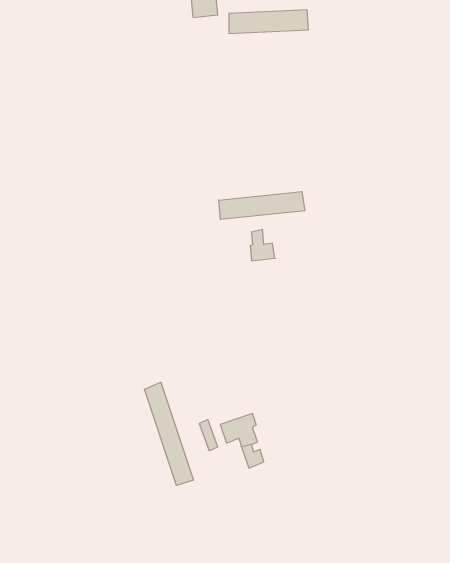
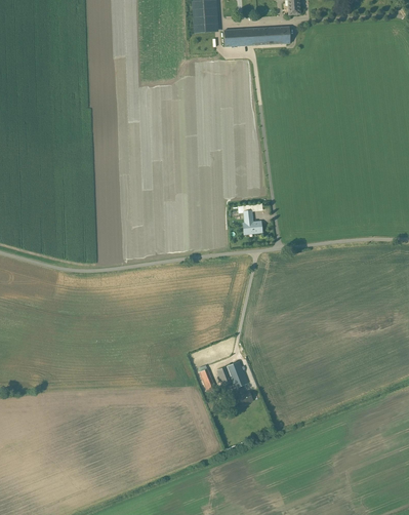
building: [219,191,305,220] -> none
building: [144,382,193,485] -> none

